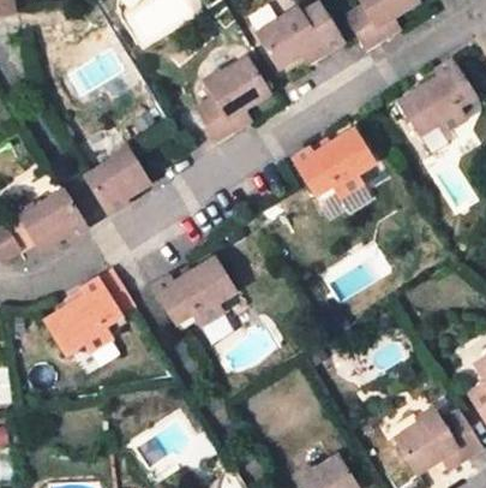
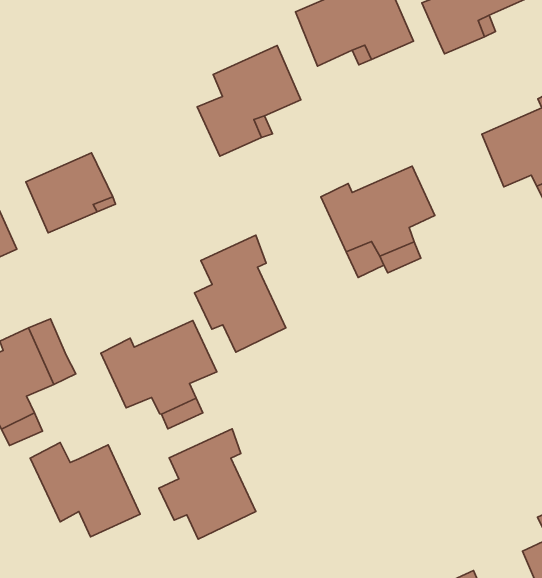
building: none -> [195,235,286,352]
building: none -> [159,429,256,539]
building: none -> [30,443,140,537]

